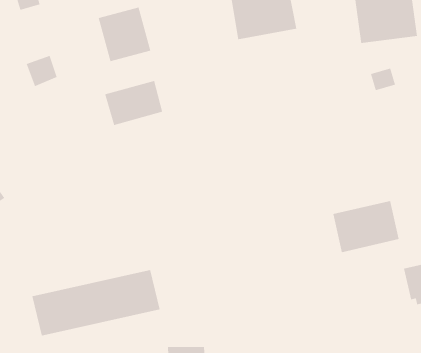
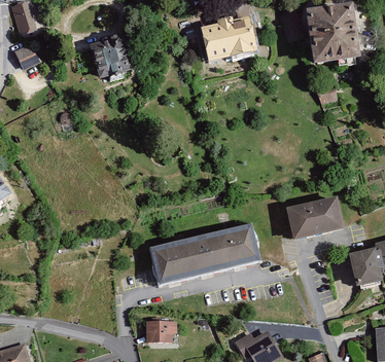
building: [26,55,58,87] -> [14,44,41,71]
building: [104,80,163,126] -> none
building: [32,269,161,336] -> [149,227,258,284]

